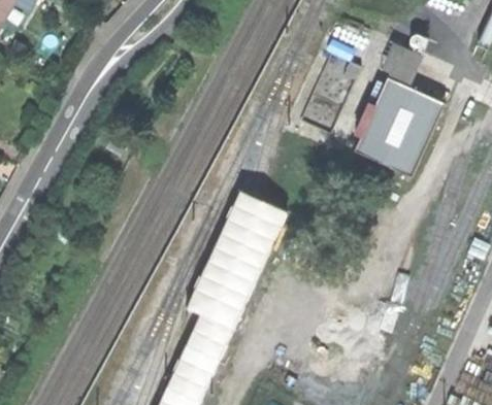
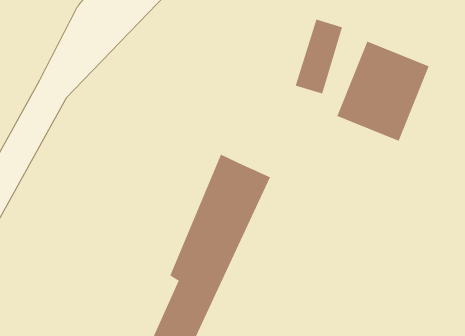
building: [382,42,422,82] -> none

